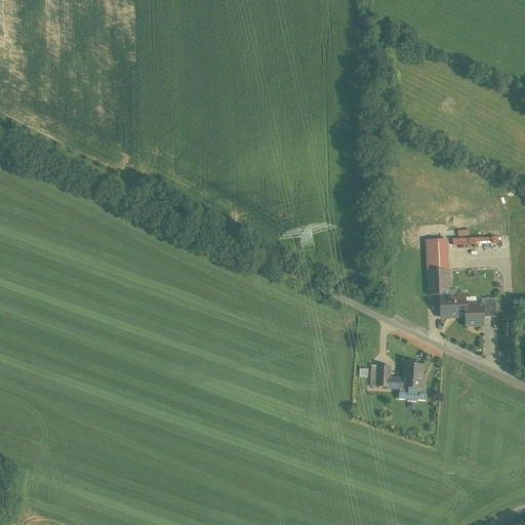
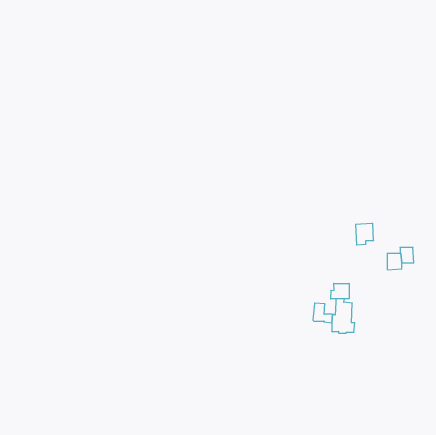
building: [426,237,446,269] -> none
building: [439,291,465,315] -> none
building: none -> [331,283,349,299]

